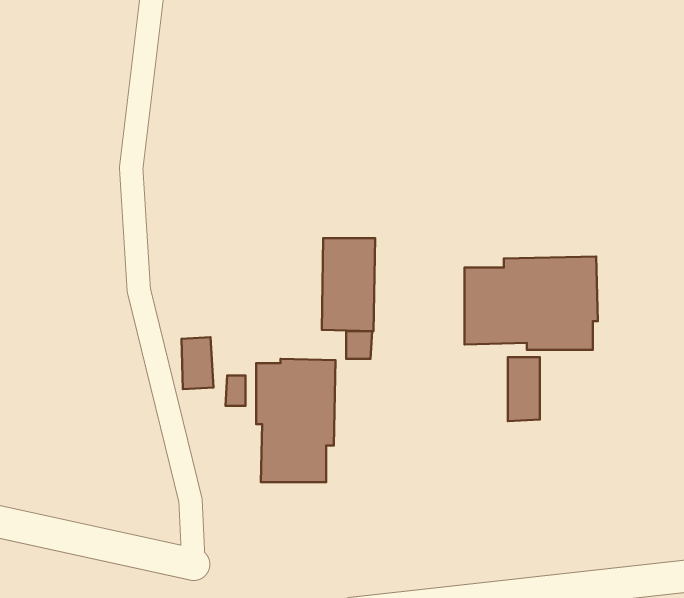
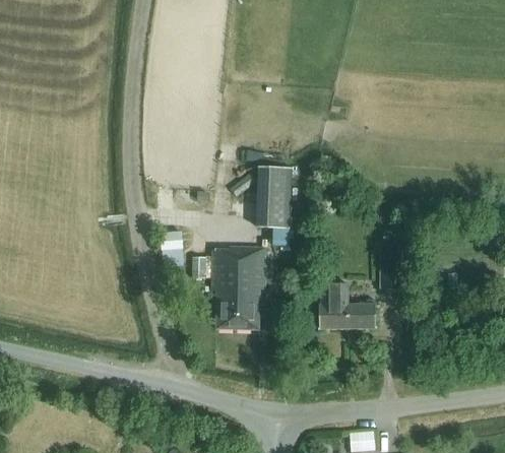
building: [464,257,598,350] -> none
building: none -> [318,282,375,329]

